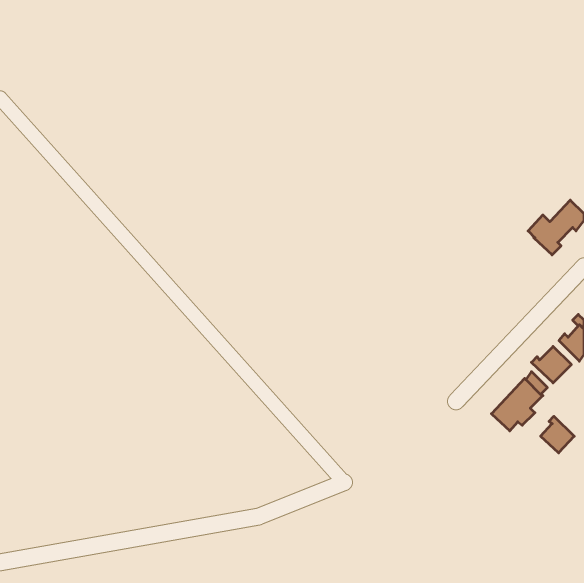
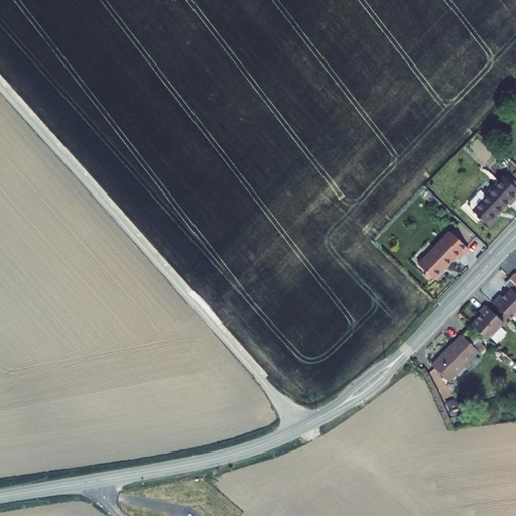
building: none -> [417,232,466,279]
building: [541,416,574,453] -> none

